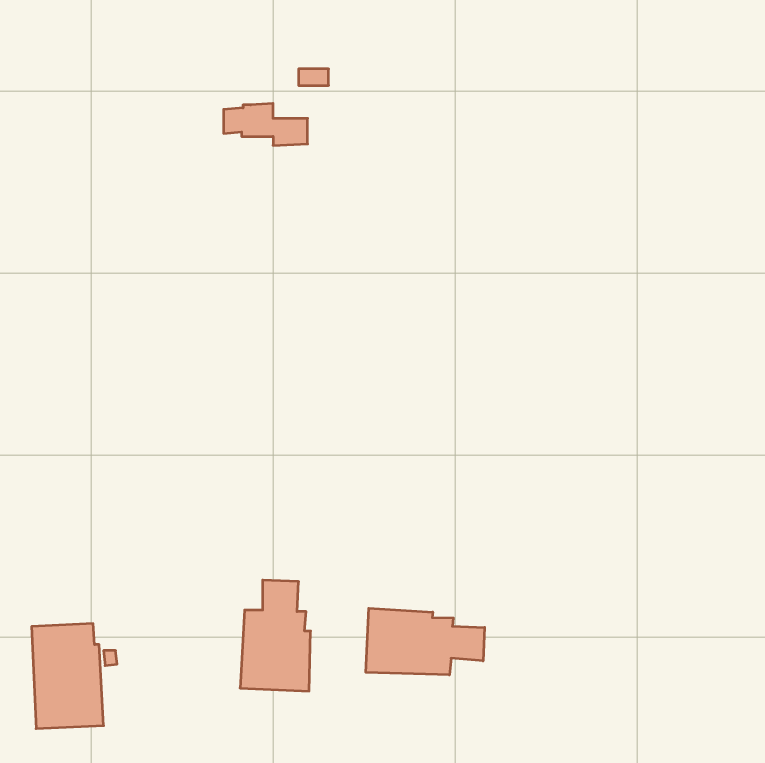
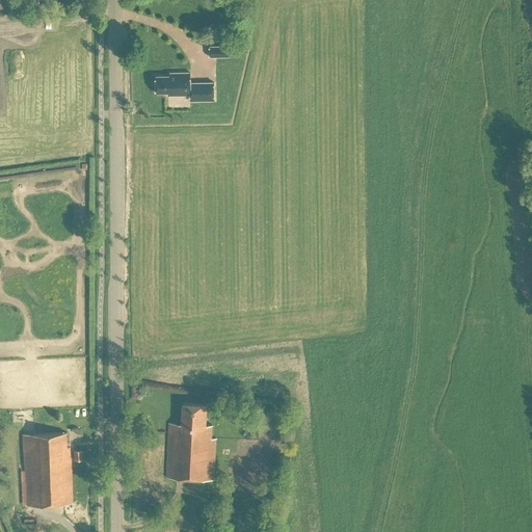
building: [366,608,485,675] -> none

